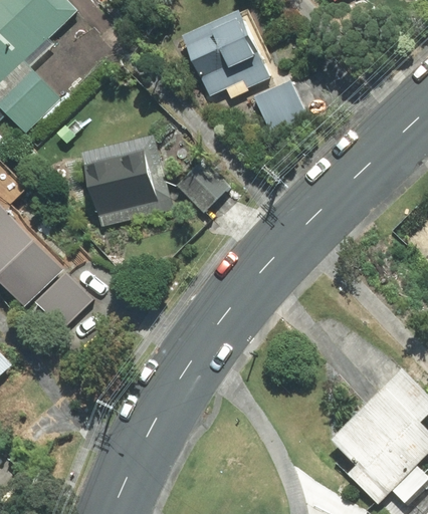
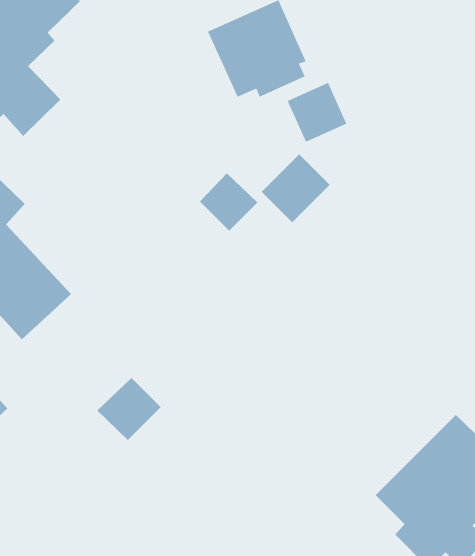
building: [81,135,173,227] -> none
building: none -> [261,154,330,223]
building: [35,273,91,328] -> [97,377,161,441]

